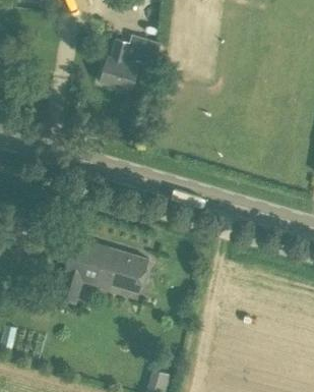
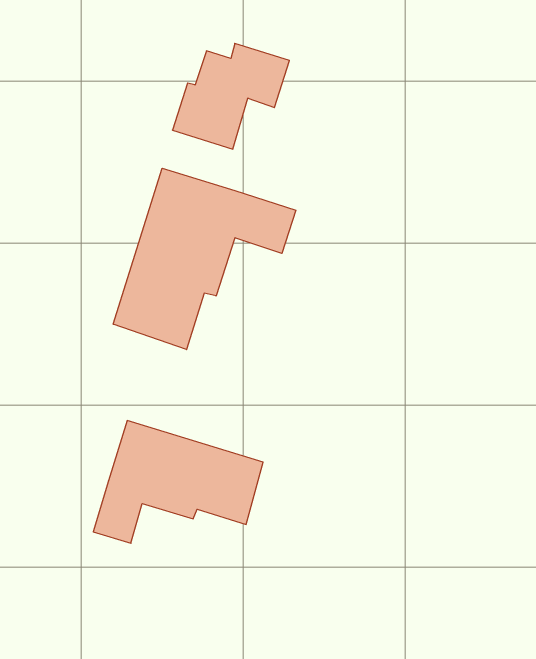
building: none -> [113,168,296,350]

